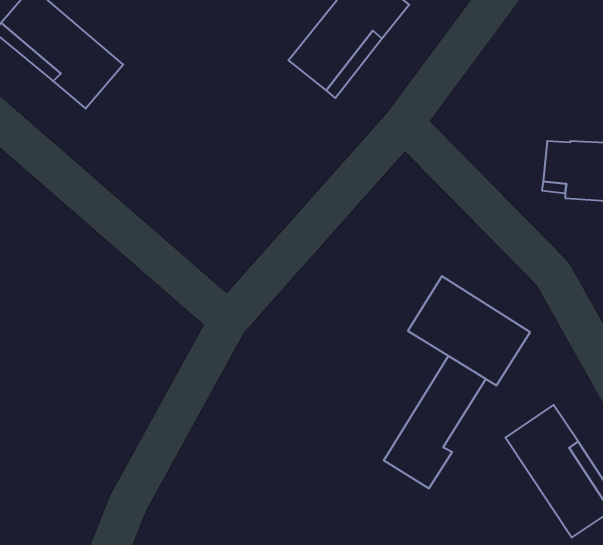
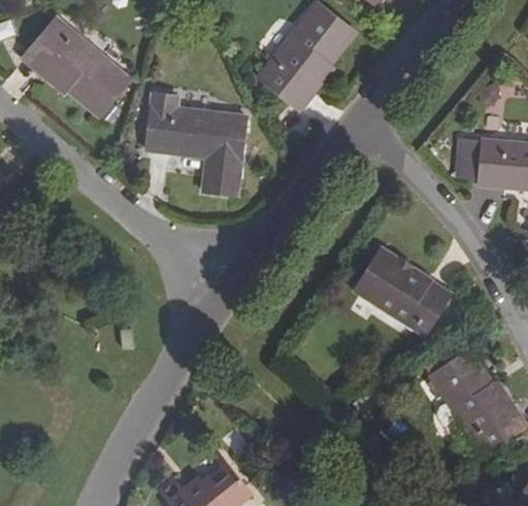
building: none -> [145,104,246,196]
building: [384,356,486,489] -> none

